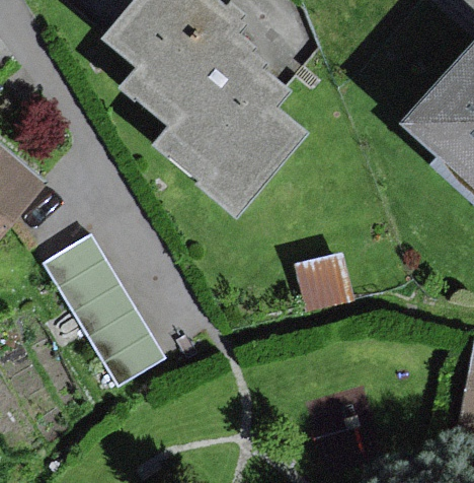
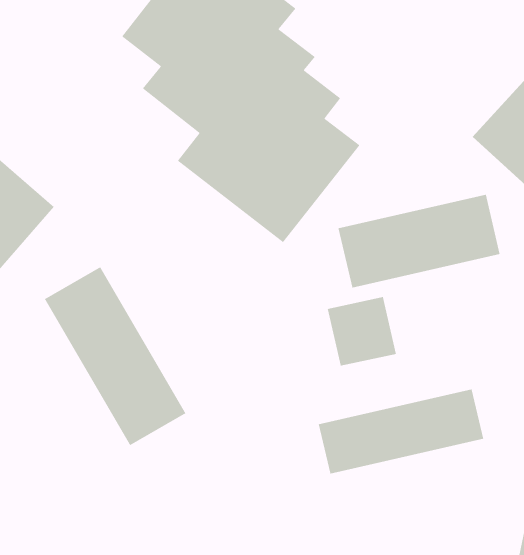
building: none -> [337,194,501,289]
building: none -> [318,388,484,475]

